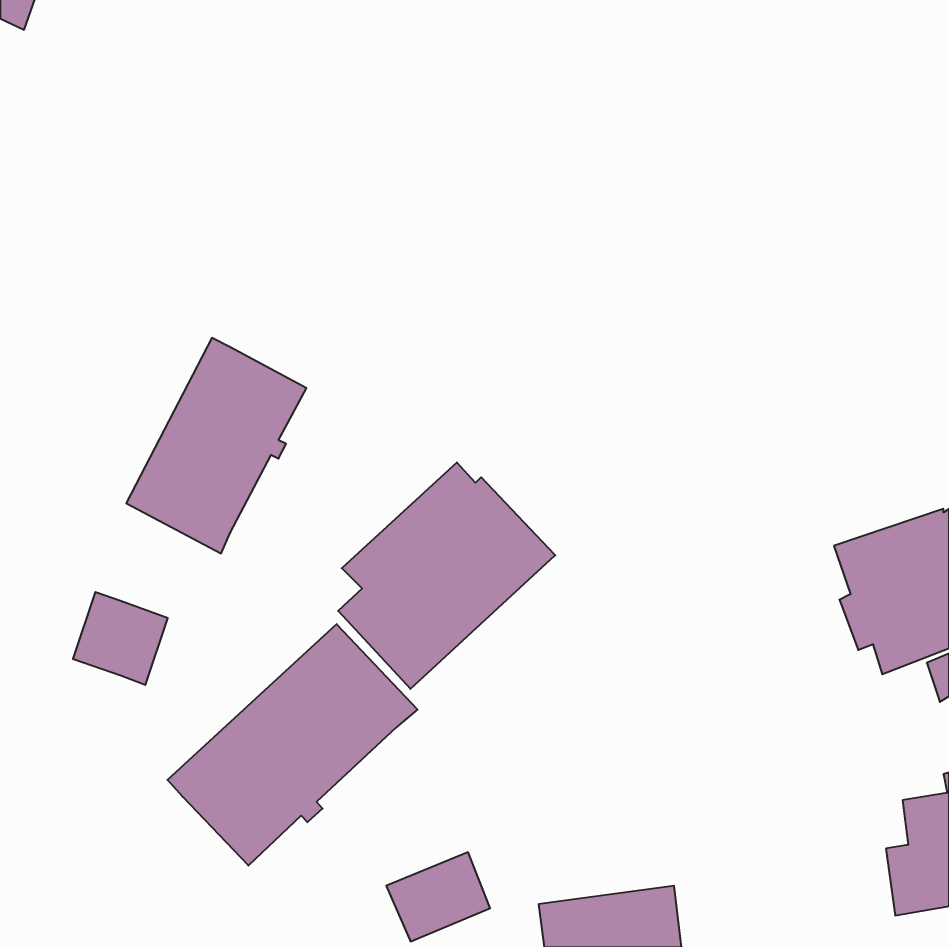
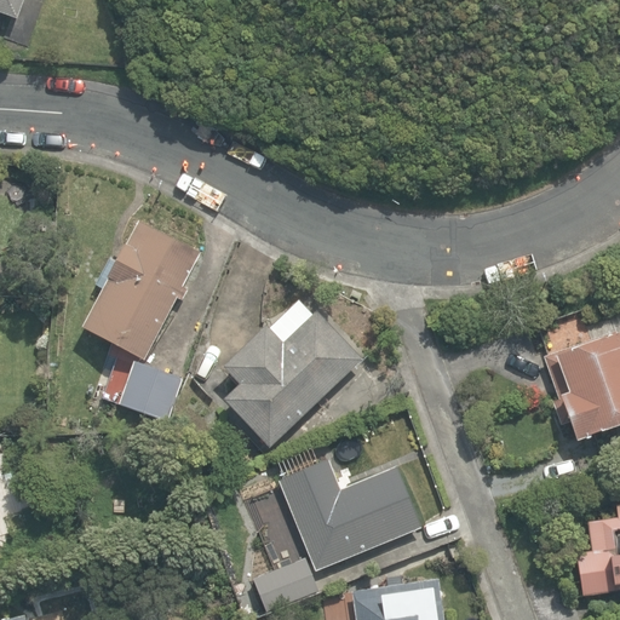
building: [73,592,168,685] -> [119,361,180,421]
building: [167,624,417,866] -> none
building: none -> [279,458,420,569]

